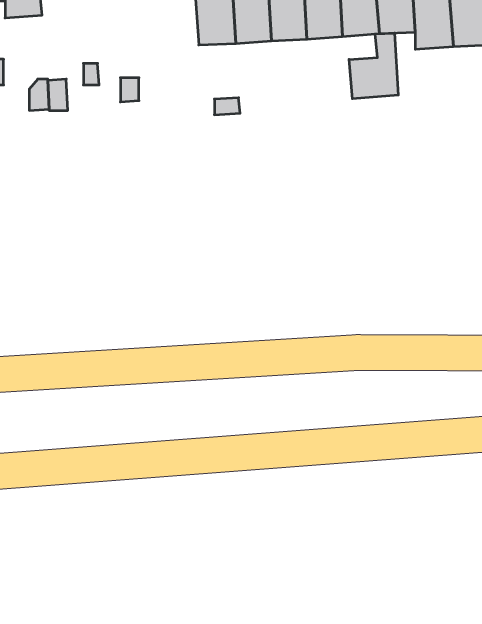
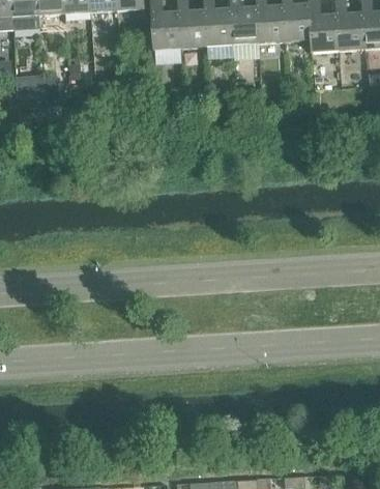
building: [349,33,398,99] -> none

